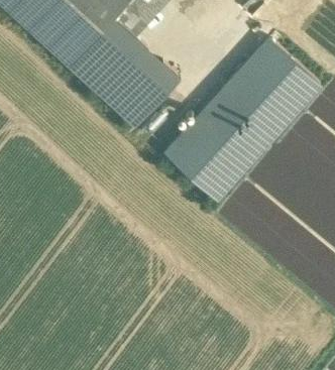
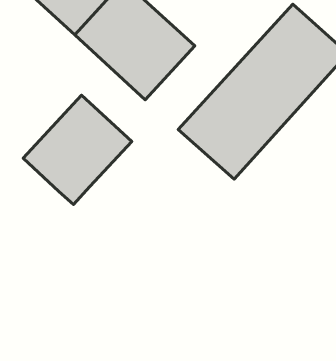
building: none -> [23,95,132,205]

